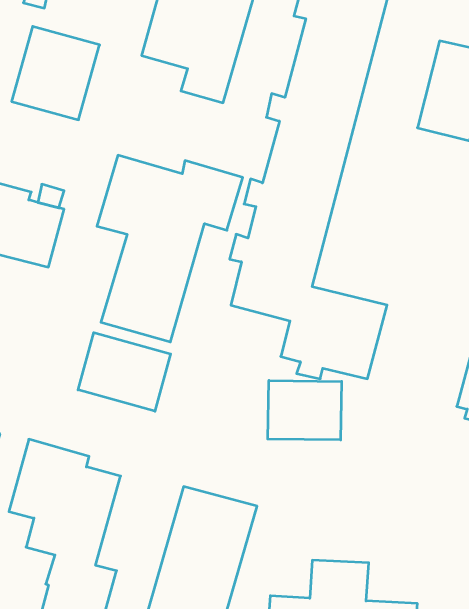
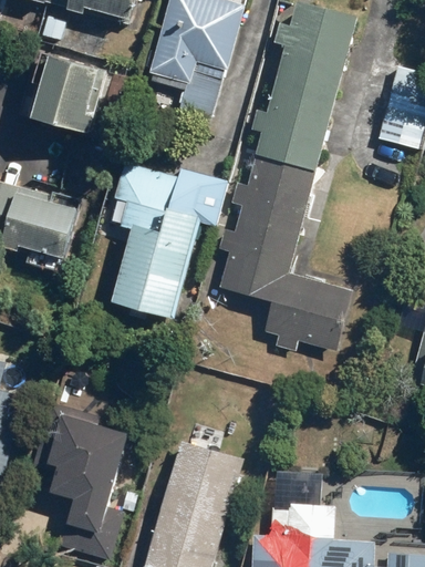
building: [78,333,171,411] -> none
building: [268,380,342,440] -> none

